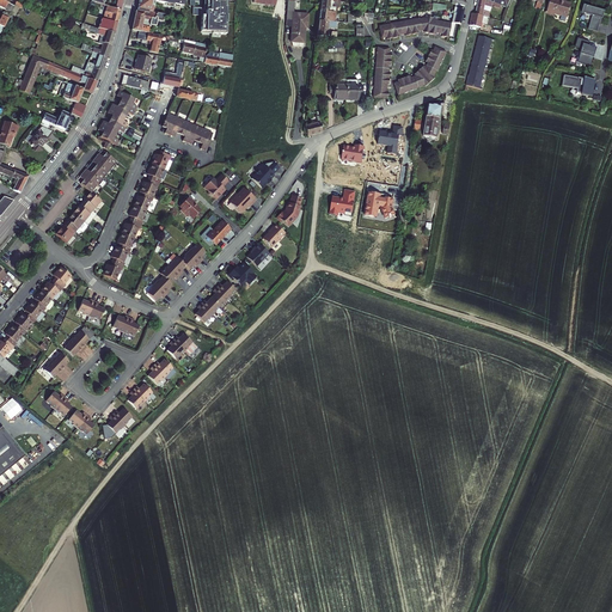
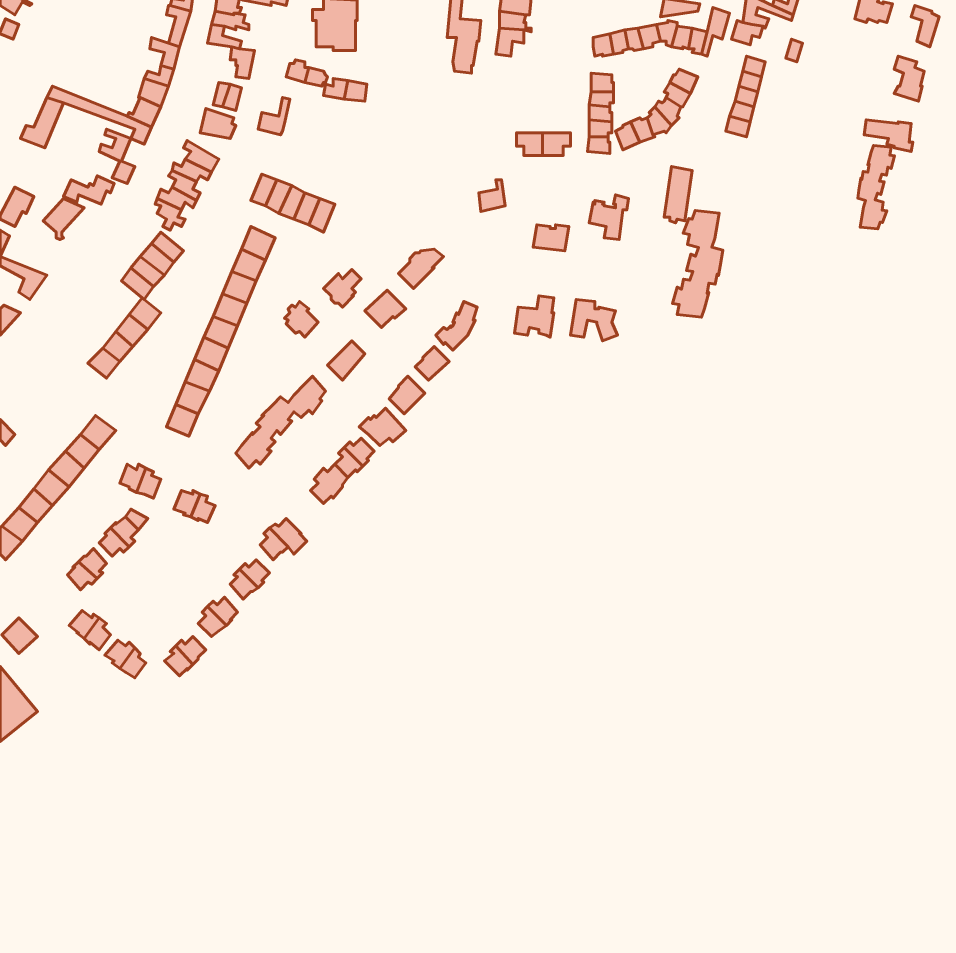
building: none -> [858,145,895,229]
building: none -> [673,210,723,317]

